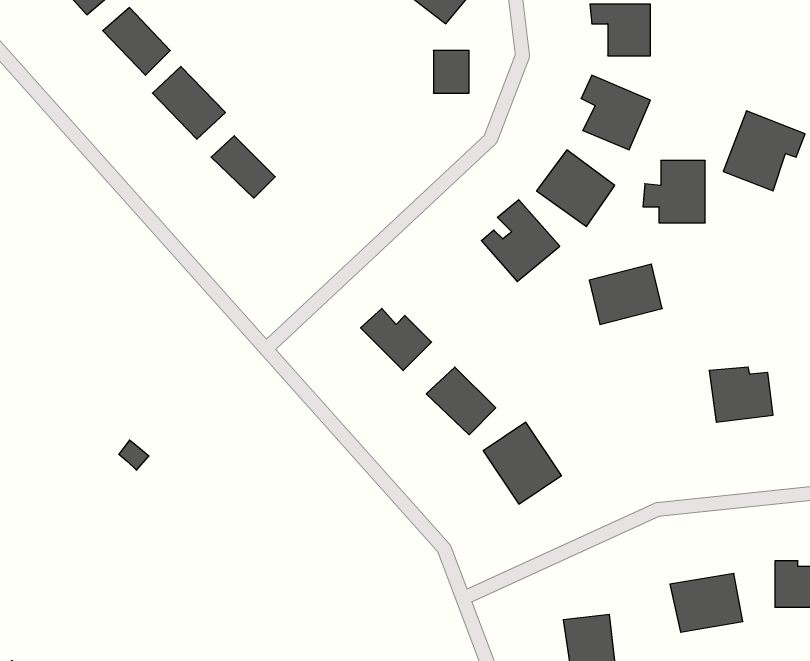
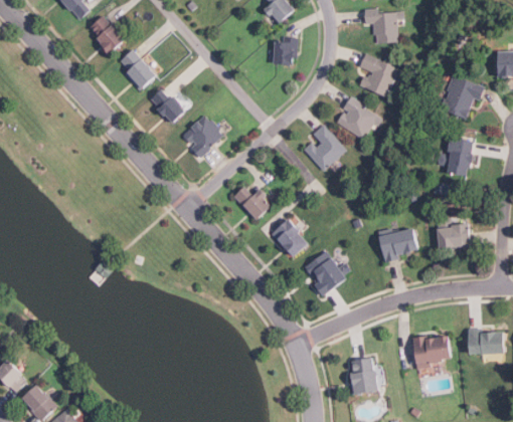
building: [643,161,705,223] -> [437,139,472,174]
building: none -> [180,114,223,157]
building: [589,264,662,325] -> [372,227,413,261]

